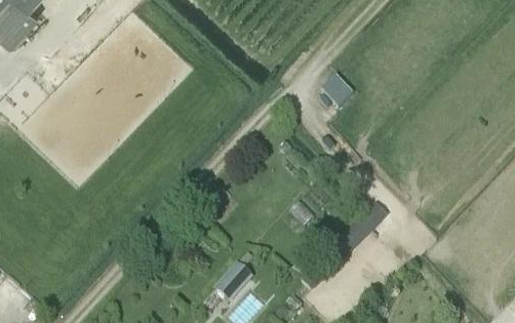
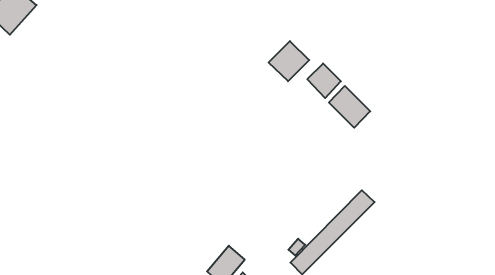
building: none -> [269,41,309,81]
building: none -> [329,86,370,128]

